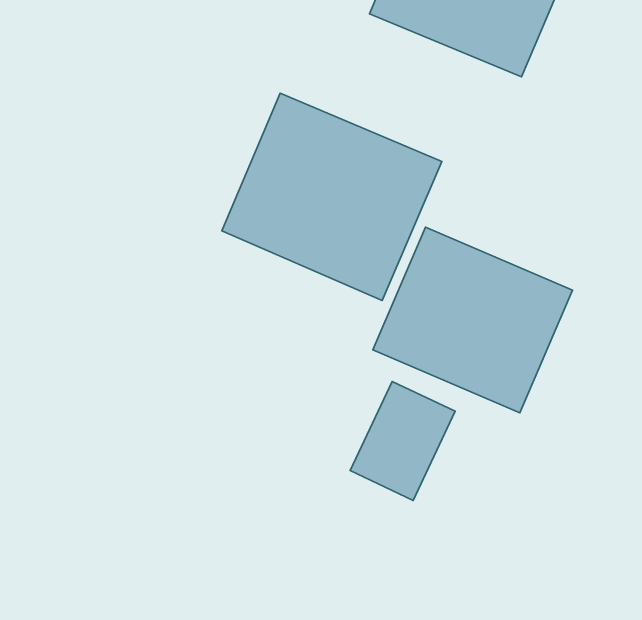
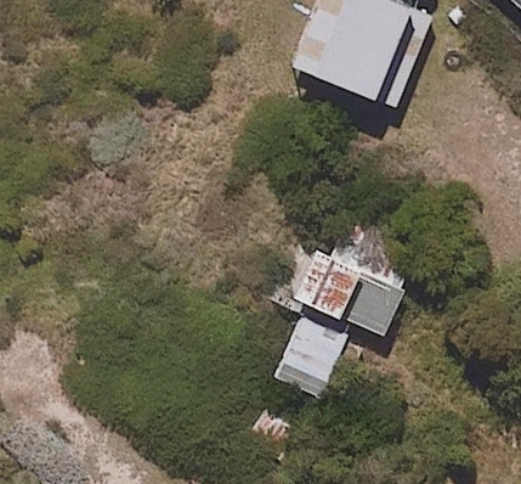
building: [222,93,442,301] -> none

